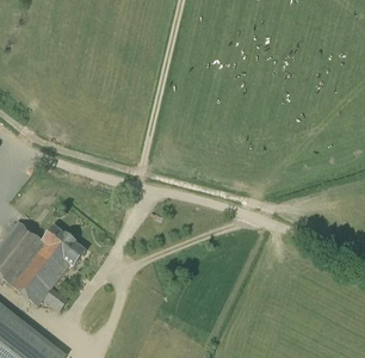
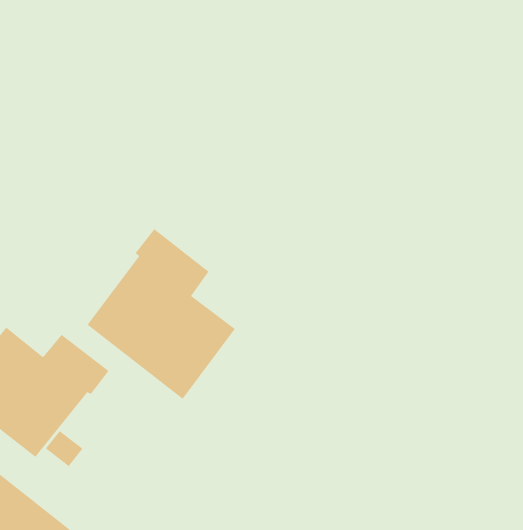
building: none -> [86,228,236,400]

